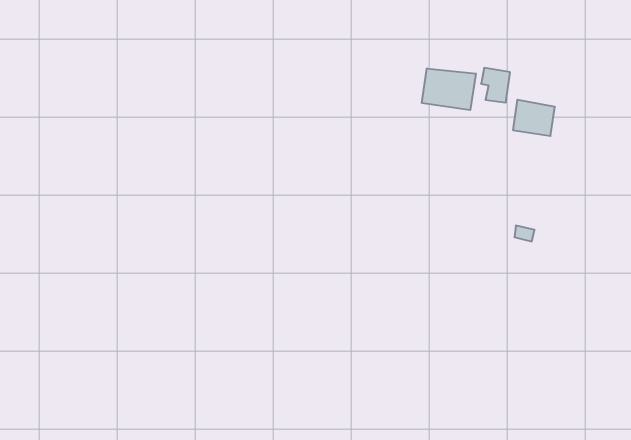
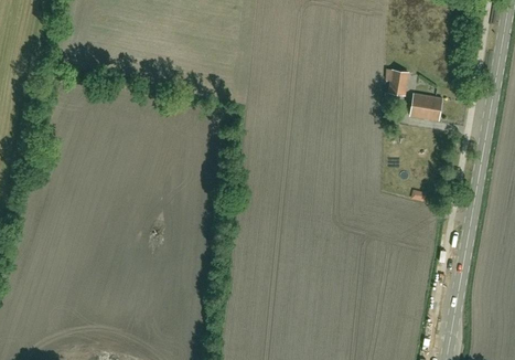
building: [422,68,476,110] -> none

